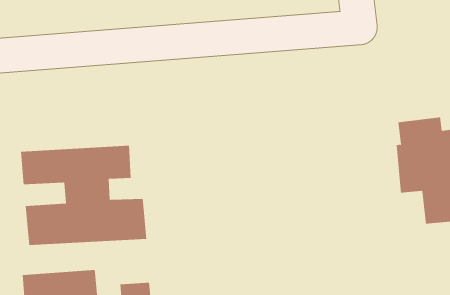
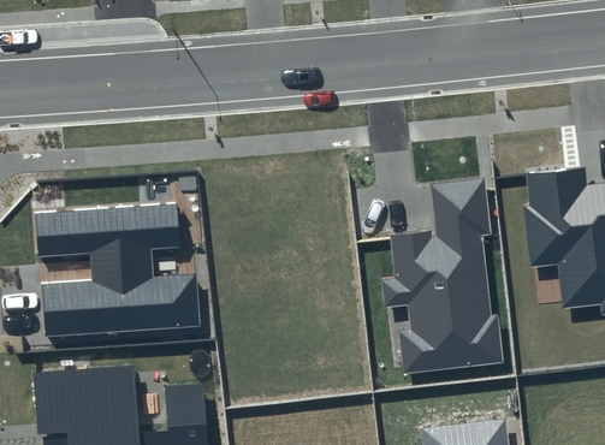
building: none -> [381,178,504,374]

